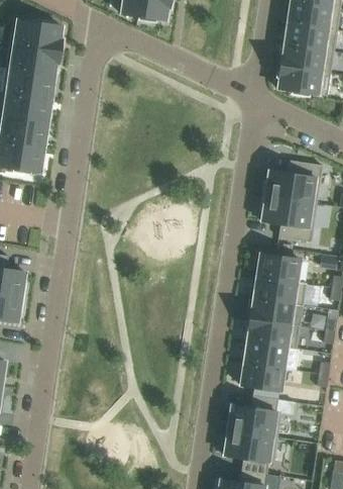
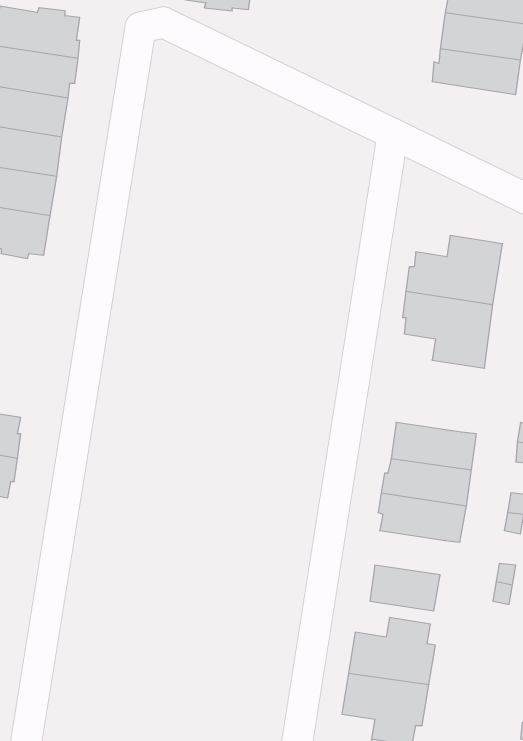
building: [276,65,330,96] -> none
building: [256,253,300,281] -> none
building: [243,341,287,369] -> none

